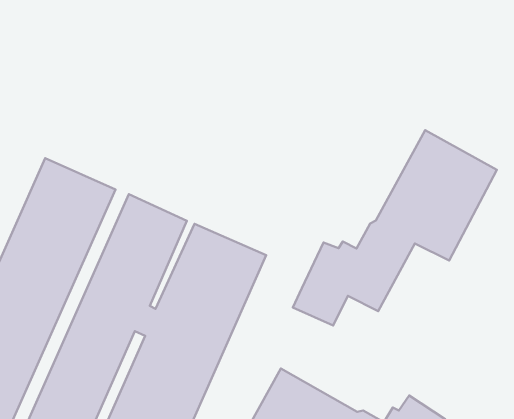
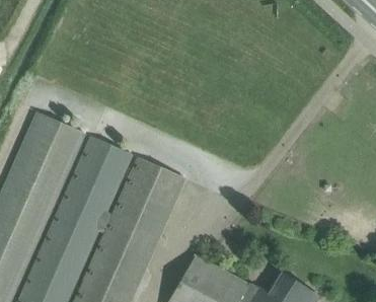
building: [293,130,497,326] -> none

